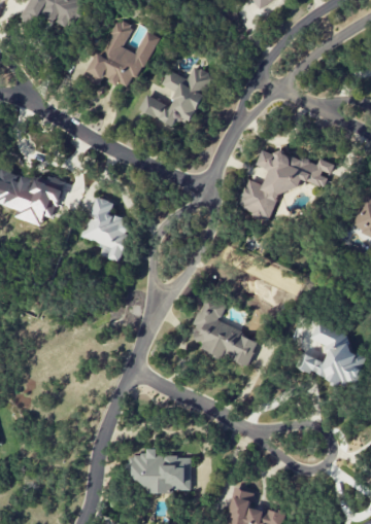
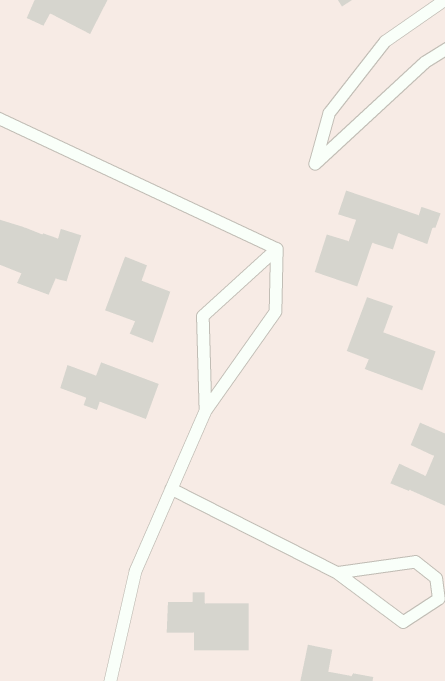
building: [87,21,159,91] -> none
building: [140,66,212,125] -> none
building: none -> [60,361,160,420]
building: [191,296,259,368] -> [346,296,436,391]

